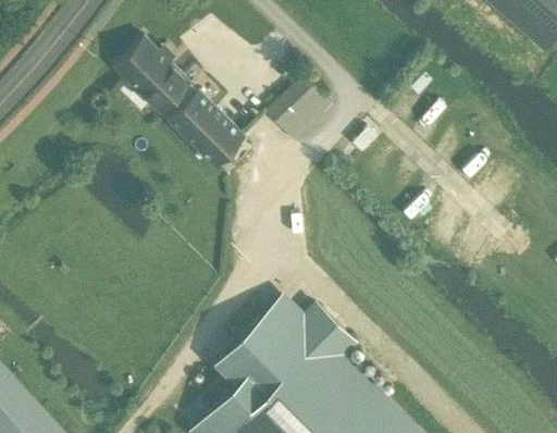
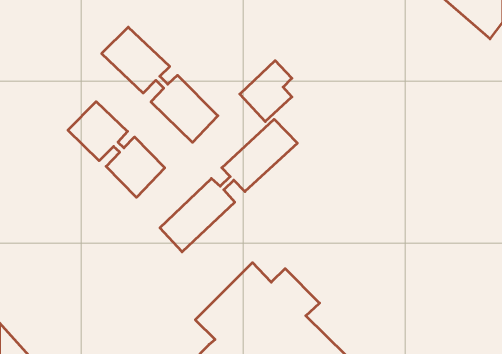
building: none -> [68,102,165,197]
building: none -> [160,119,297,252]

